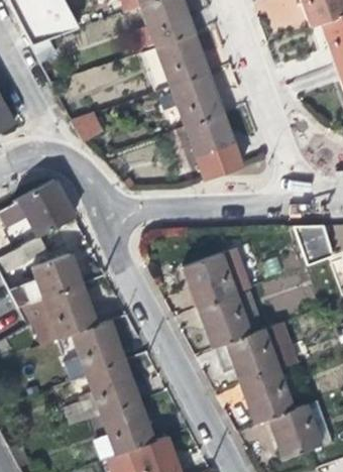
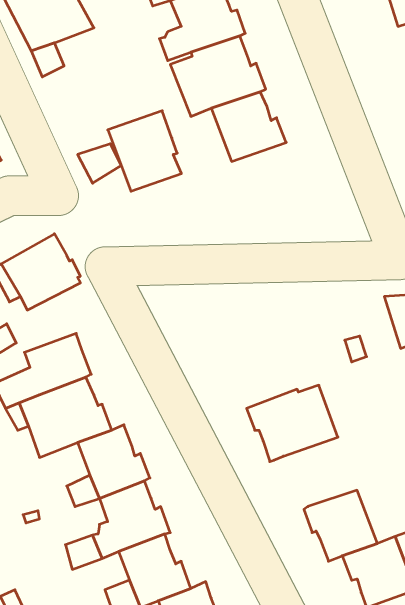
building: [185,112,239,171] -> [108,111,181,191]
building: [183,248,246,309] -> none
building: [216,325,292,381] -> none

